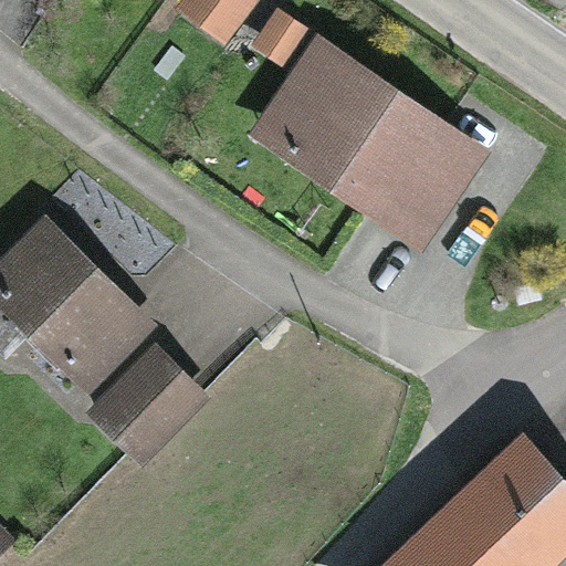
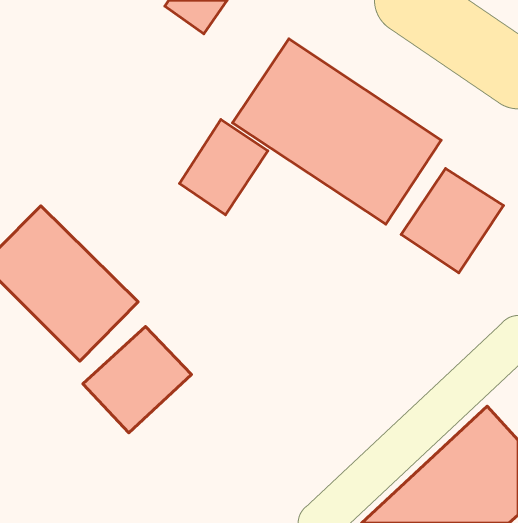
building: none -> [179,120,268,215]
building: none -> [401,168,503,273]

